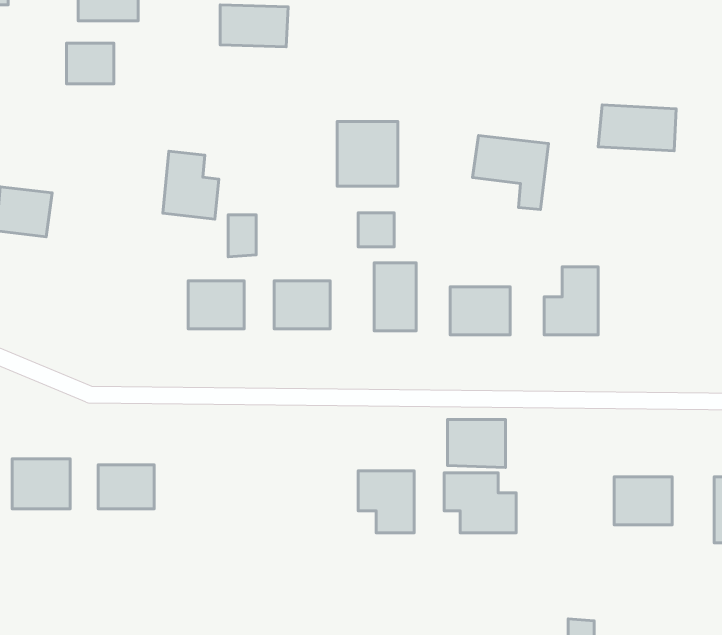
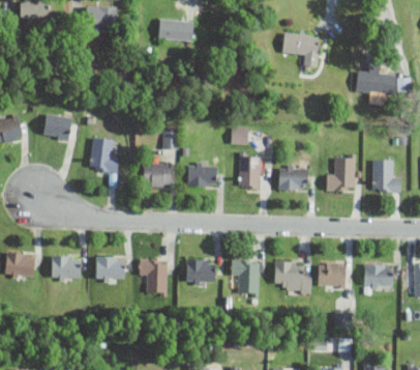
building: [66,43,114,84] -> none
building: [337,121,398,186] -> none
building: [472,136,548,210] -> [281,32,321,70]
building: [163,151,219,219] -> [90,137,119,172]
building: none -> [372,159,400,192]
building: [448,420,506,468] -> [318,262,348,287]
building: none -> [140,259,168,293]
building: none -> [186,259,216,284]

